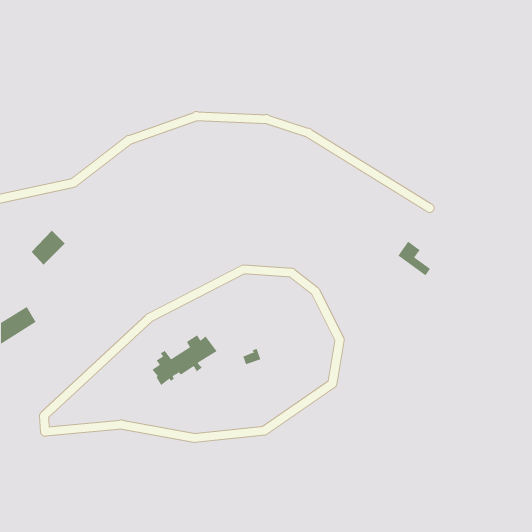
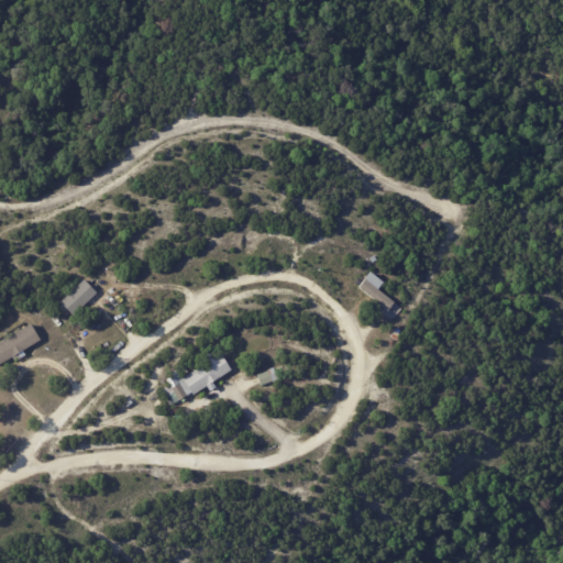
building: [31,230,65,265] -> [62,277,98,314]
building: [397,241,431,276] -> [358,272,394,309]

